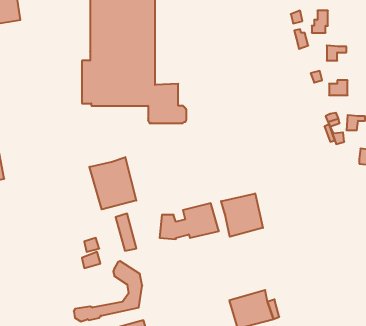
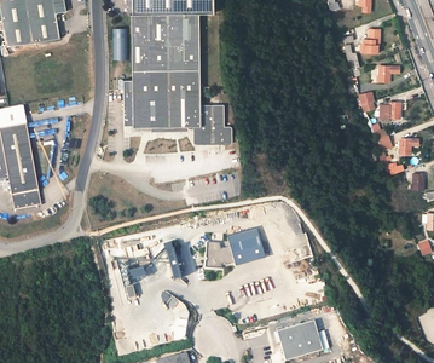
building: [89,157,136,209] -> none
building: [221,193,263,237] -> none

